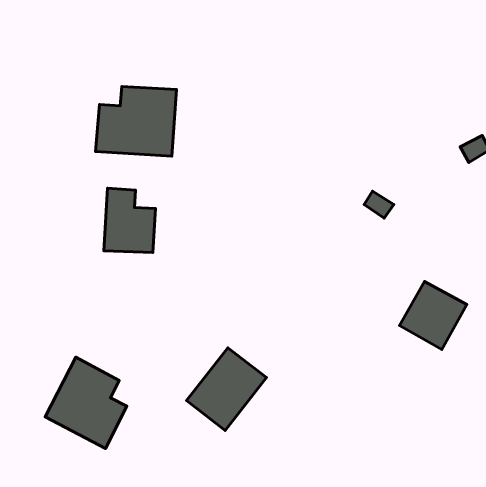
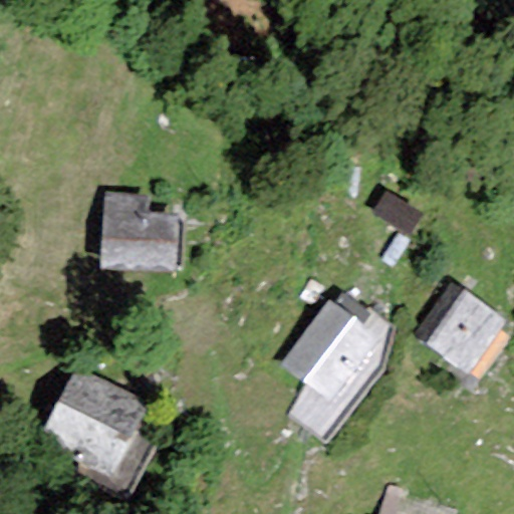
building: [96,87,176,156] -> none
building: [187,348,266,430] -> [293,308,376,395]

